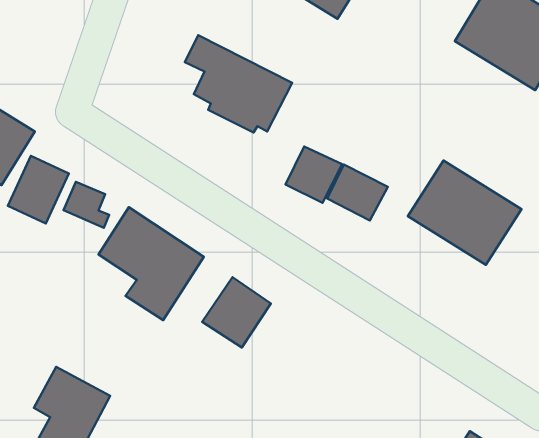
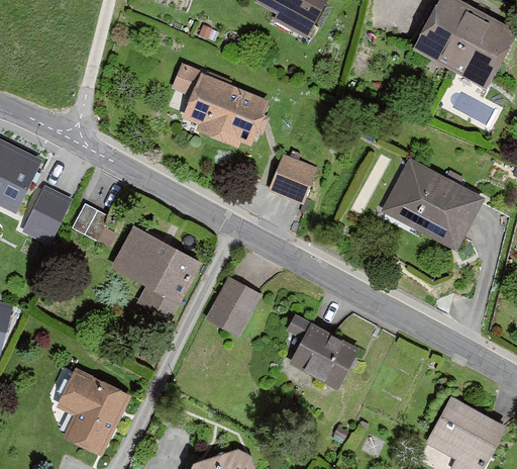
building: [327,165,388,221] -> none
building: none -> [288,319,365,397]

